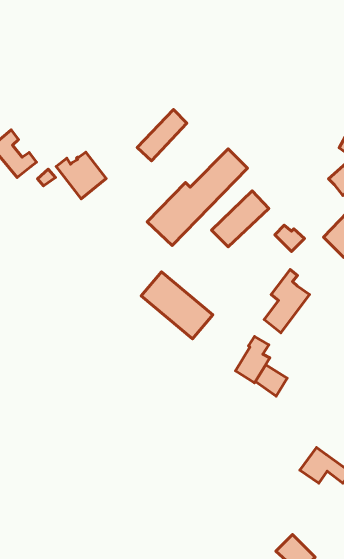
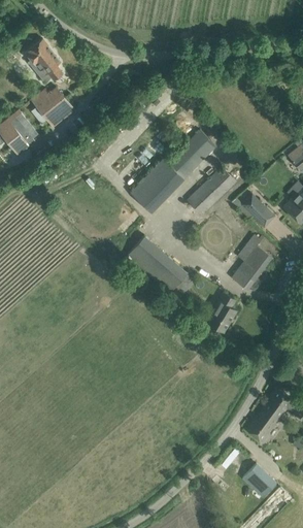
building: none -> [26,38,63,80]
building: [137,110,187,161] -> none
building: [56,152,106,199] -> [31,87,74,127]
building: [255,365,287,396] -> none
building: none -> [246,407,279,441]

